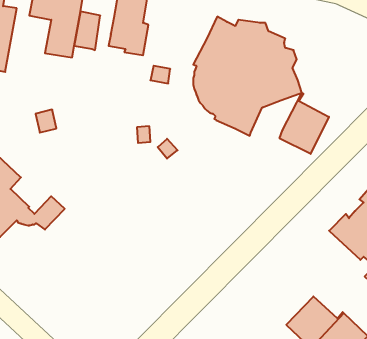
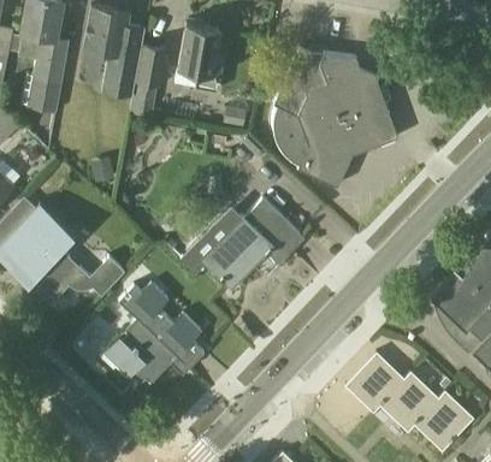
building: [280,93,329,154] -> none
building: none -> [179,199,301,290]
building: none -> [99,283,201,387]
building: none -> [344,353,410,413]

